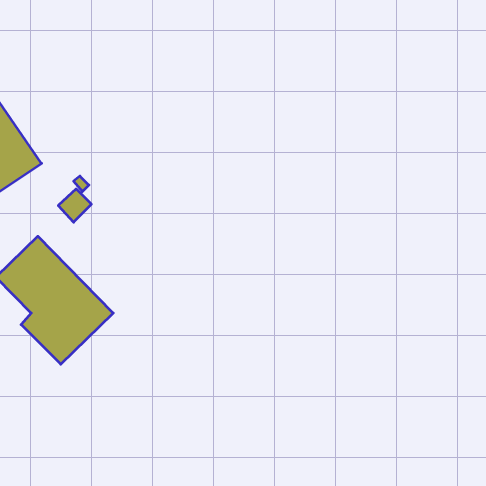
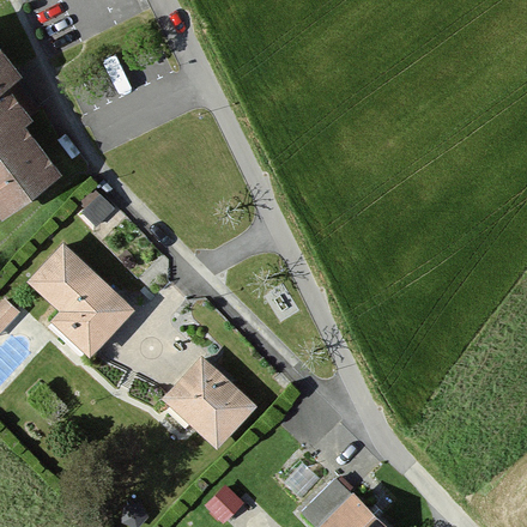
building: none -> [159,355,254,449]

